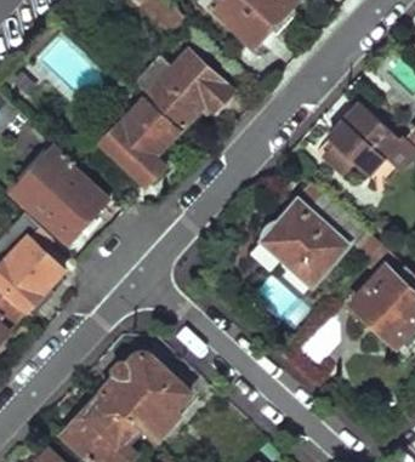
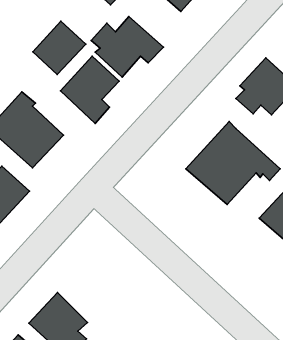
building: none -> [33,21,86,74]
building: [101,350,191,441] -> none

